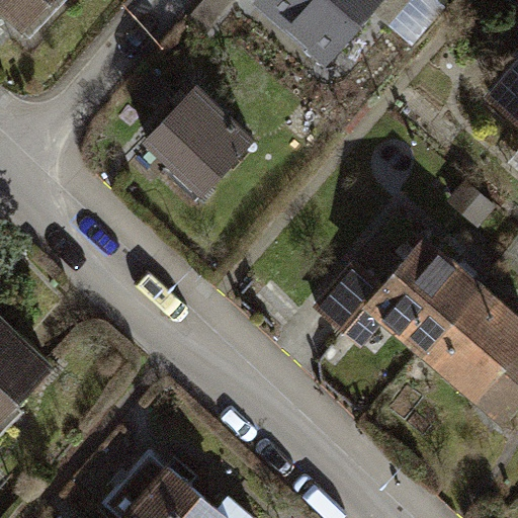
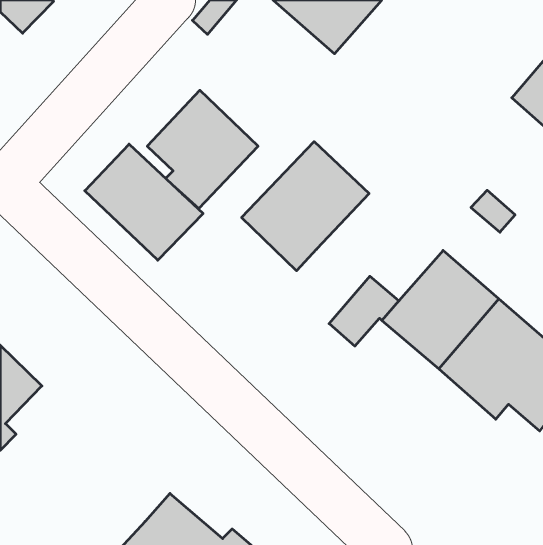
building: none -> [242,142,369,271]
building: none -> [85,144,203,260]

